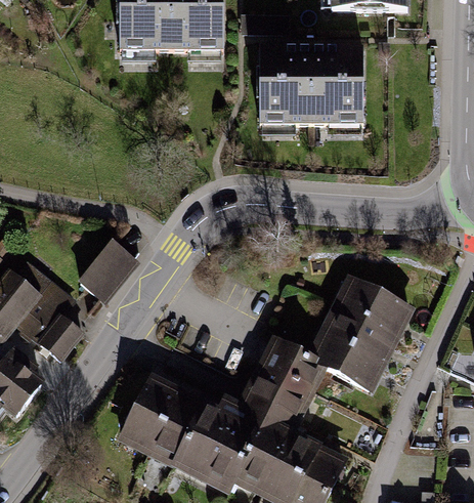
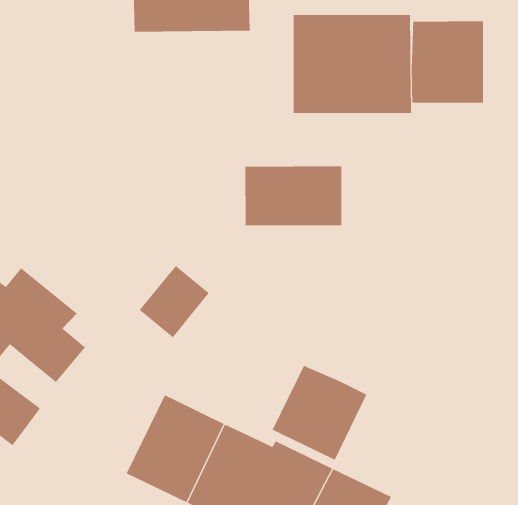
building: none -> [411,20,484,104]
building: none -> [245,166,342,226]
building: [69,233,130,296] -> [139,265,210,338]
building: [304,279,413,393] -> none

